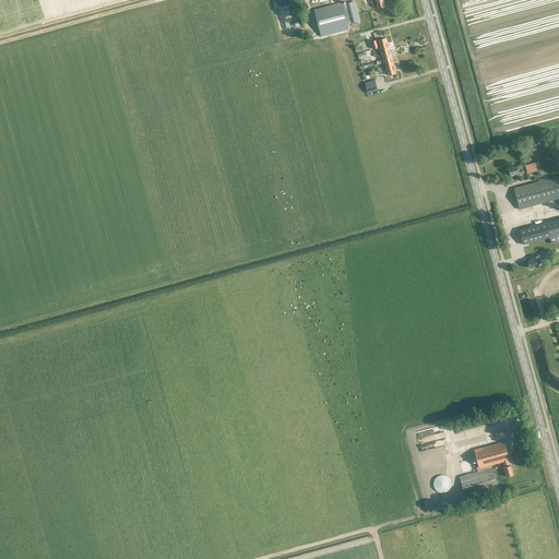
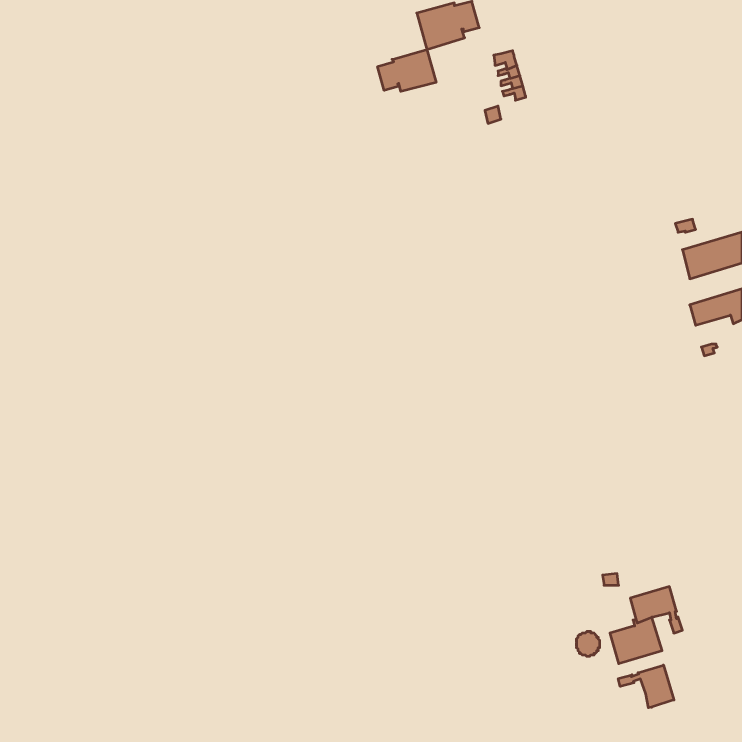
building: none -> [378,49,436,91]
building: none -> [618,665,674,708]

